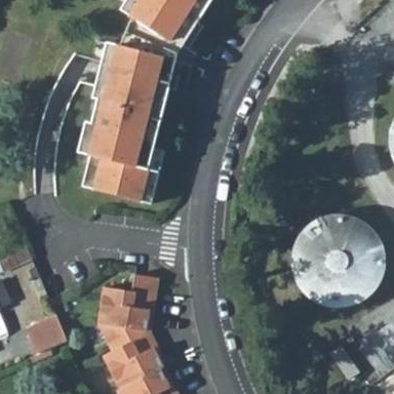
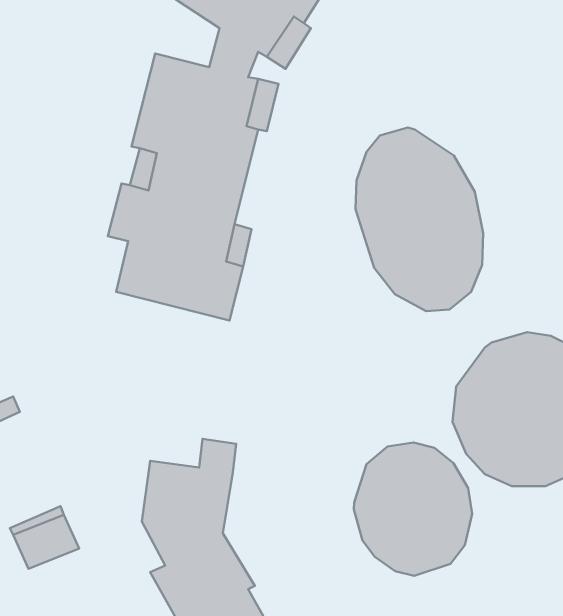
building: none -> [356,128,483,311]
building: none -> [354,443,472,576]

